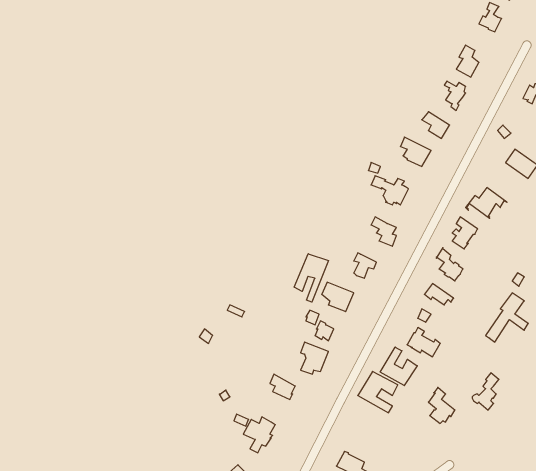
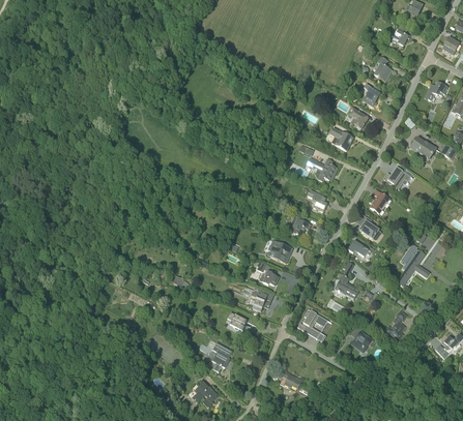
building: [294,254,329,302] -> none
building: [380,347,417,386] -> none

